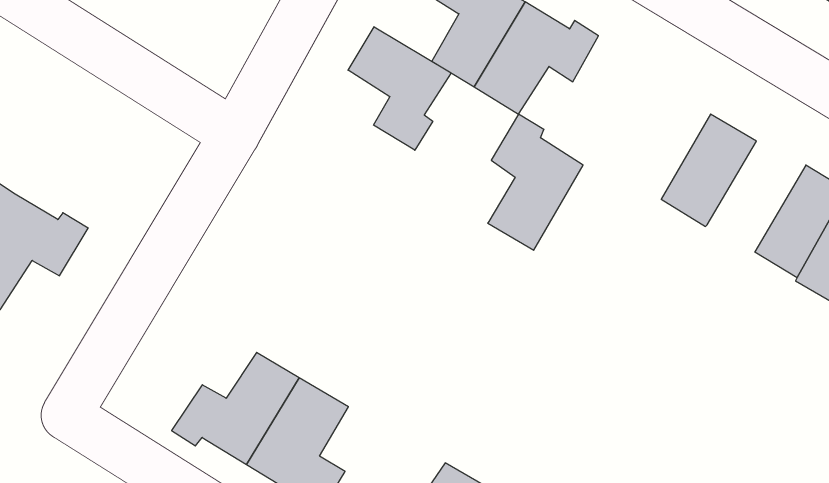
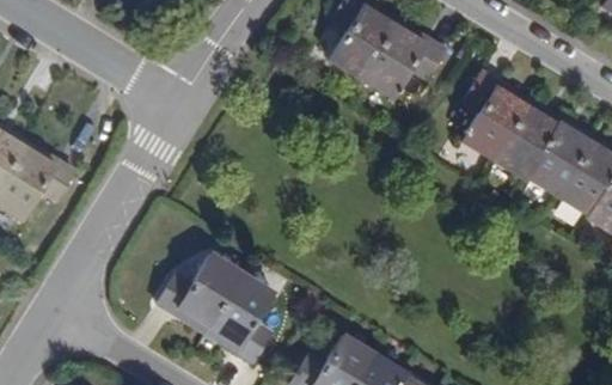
building: [348,27,451,150] -> none
building: [488,114,583,250] -> [458,60,525,155]
building: none -> [522,112,592,193]

